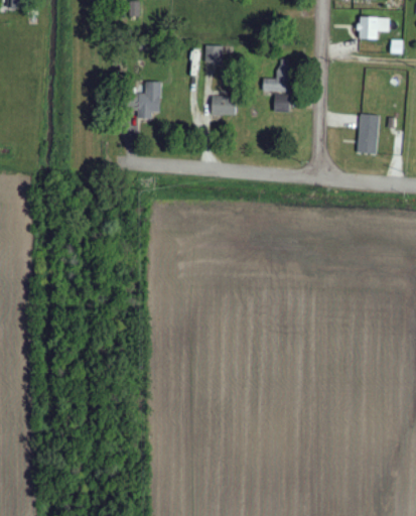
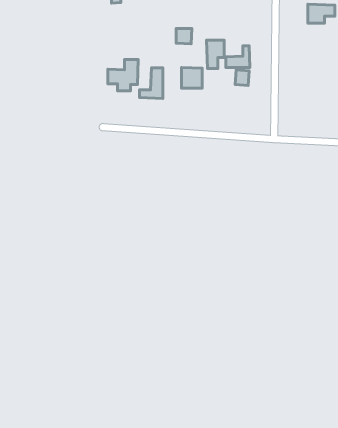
building: none -> [207,40,224,68]
building: none -> [139,68,163,99]
building: [358,114,379,153] -> none

